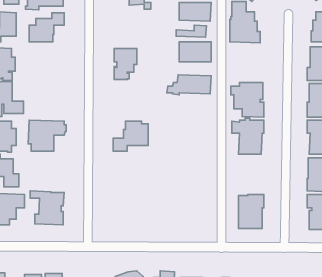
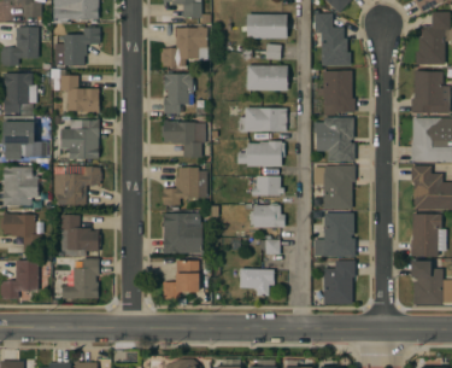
building: none -> [160,27,207,68]
building: none -> [49,69,99,112]
building: none -> [322,70,354,115]
building: none -> [59,118,98,159]
building: none -> [163,119,205,157]
building: none -> [236,141,284,167]
building: none -> [251,176,283,195]
building: none -> [250,203,284,255]
building: none -> [312,212,354,257]
building: none -> [163,214,201,253]
building: none -> [60,215,100,256]
building: none -> [162,261,199,305]
building: none -> [239,268,272,296]

